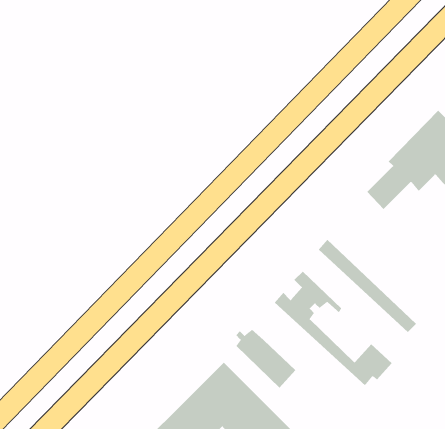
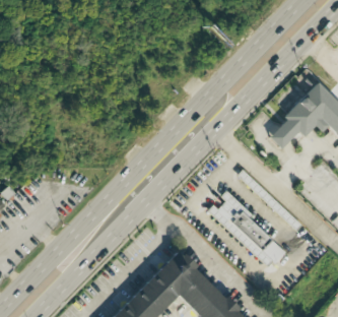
building: [235,329,296,388] -> [234,210,275,250]

